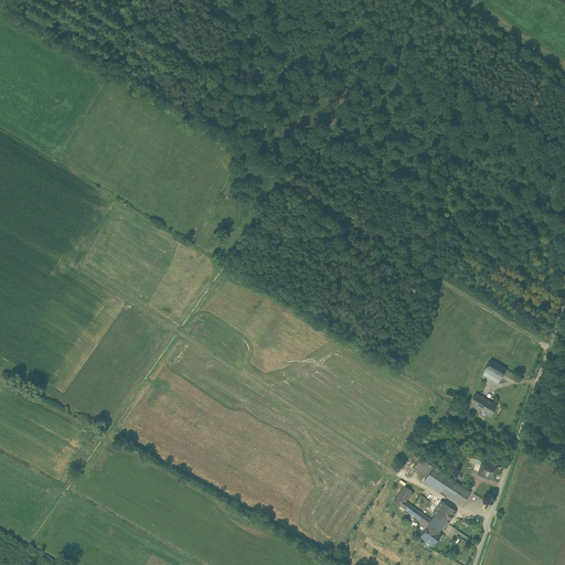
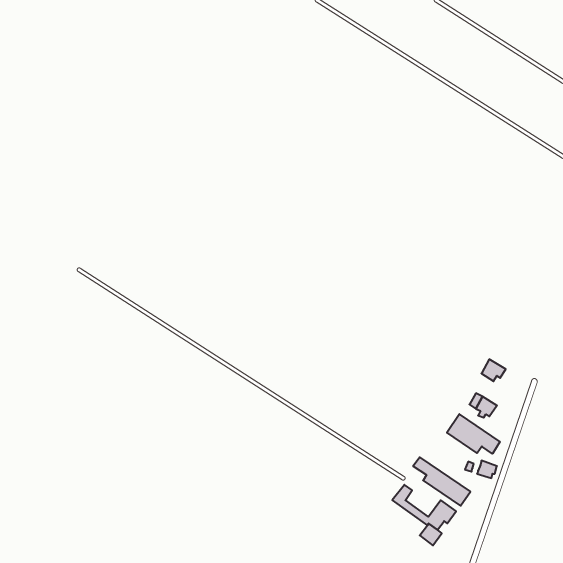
building: none -> [447,414,500,454]

